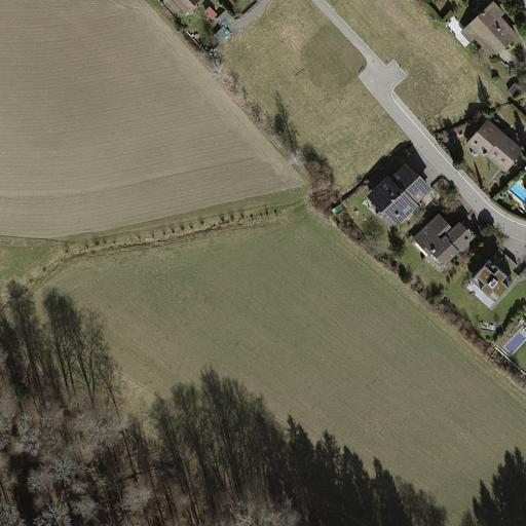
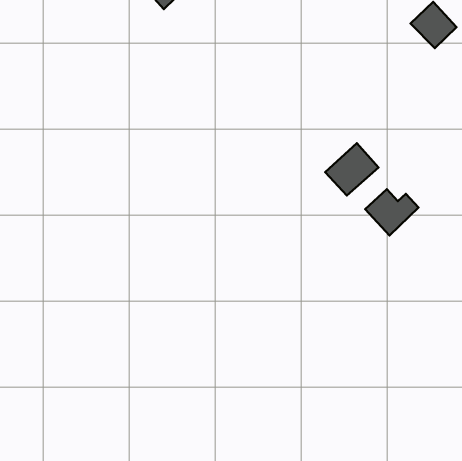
building: [467,119,520,170] -> none
building: [474,262,512,299] -> none

